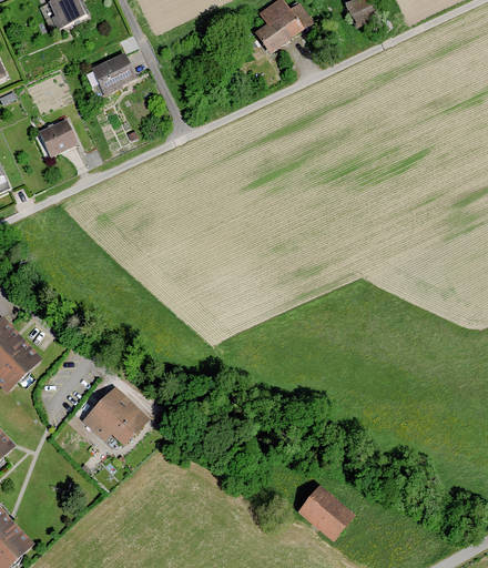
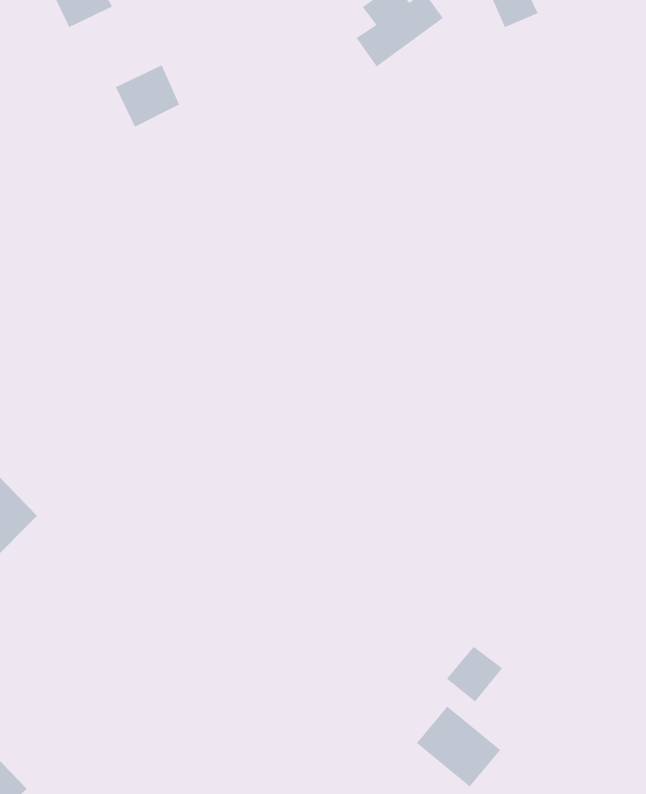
building: [35,118,75,156] -> none
building: [82,386,150,446] -> none
building: none -> [446,646,503,703]

